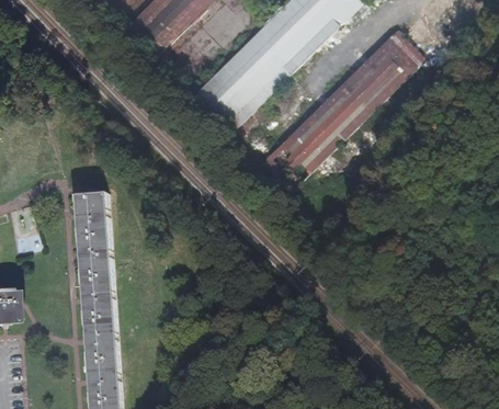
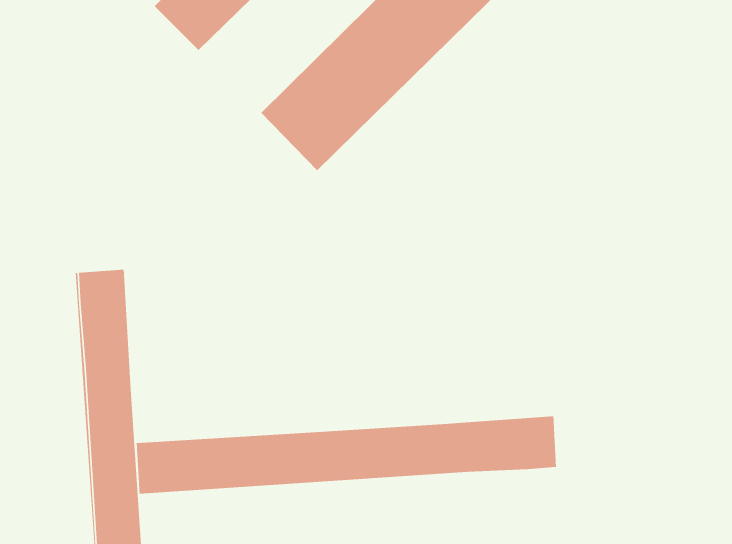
building: [261,31,423,192] -> none
building: none -> [136,415,557,495]

